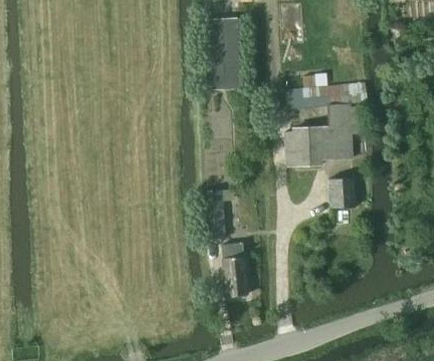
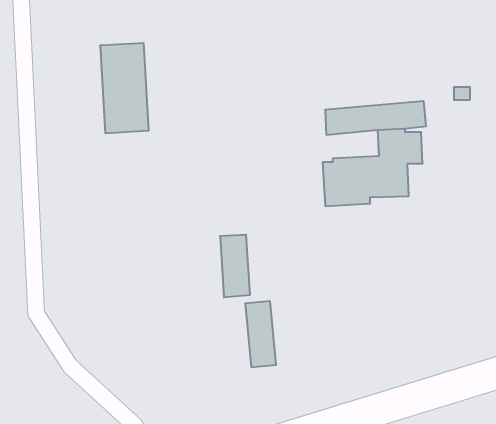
building: [203,18,242,90] -> [100,43,149,133]
building: [329,177,356,209] -> none

